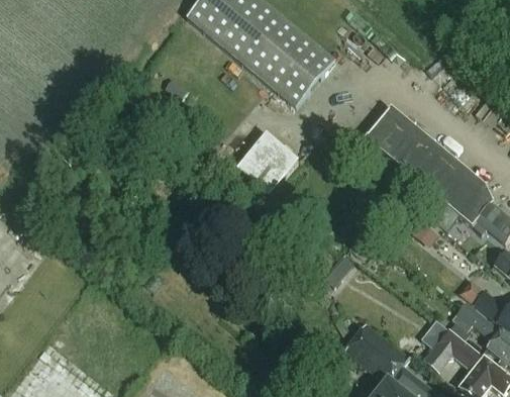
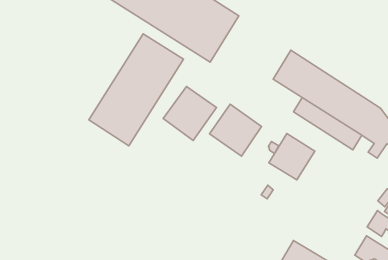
building: none -> [89,34,184,146]
building: none -> [209,104,262,156]
building: none -> [269,134,315,180]

